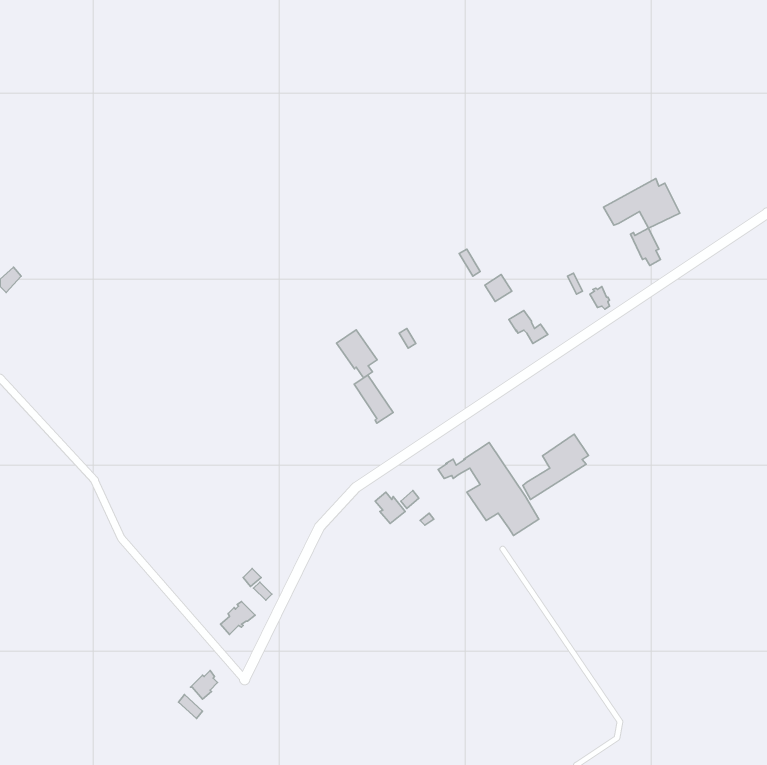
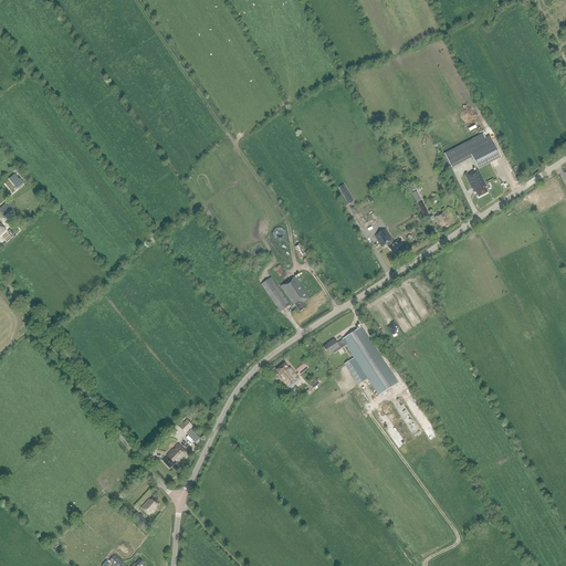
building: [337,330,377,378] -> [280,275,310,311]
building: [523,434,588,500] -> none

